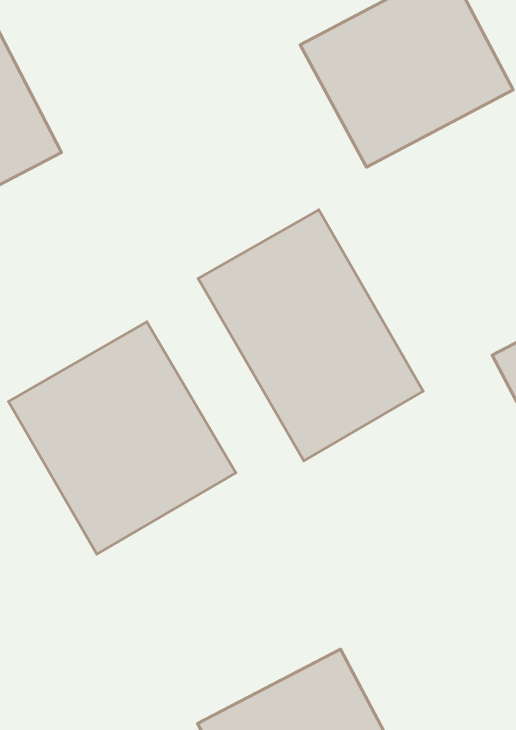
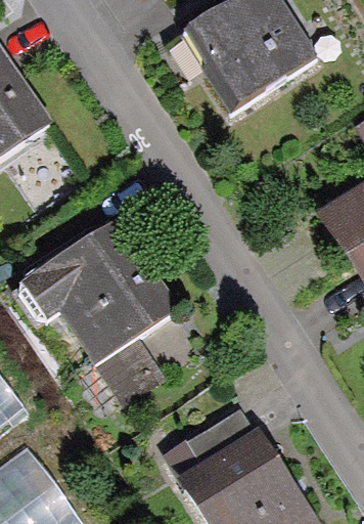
building: [198,210,423,461] -> none

